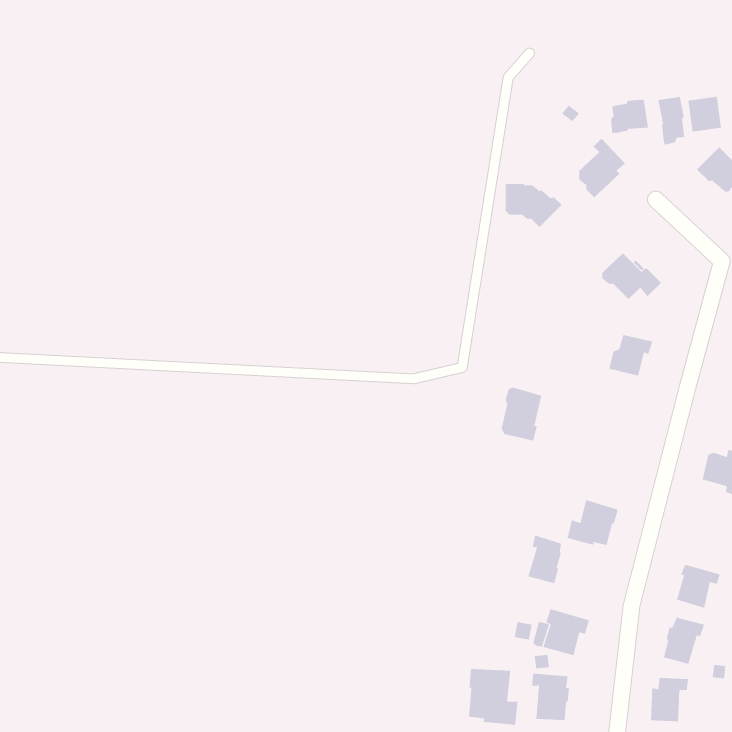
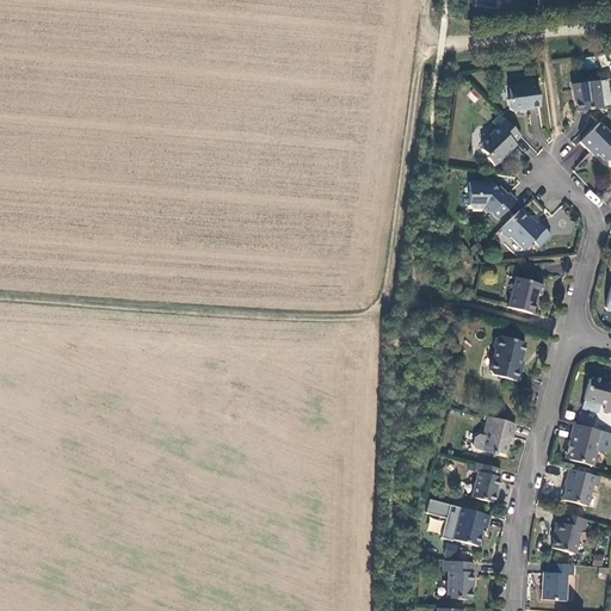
building: [658,96,685,145] -> none
building: [505,183,562,228] -> [469,181,517,218]
building: [501,387,542,441] -> [490,335,525,381]
building: none -> [567,424,600,465]
building: [527,535,562,584] -> [471,462,500,502]
building: [469,668,518,726] -> none

